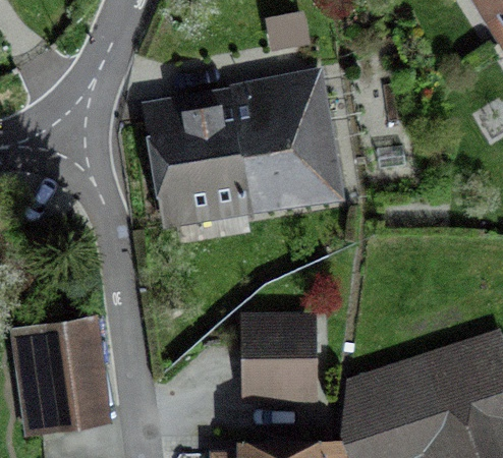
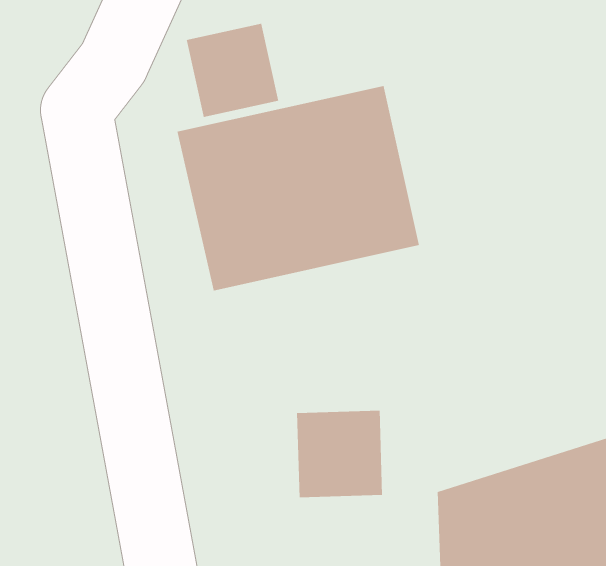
building: none -> [186,23,279,118]
building: [21,333,109,435] -> none

